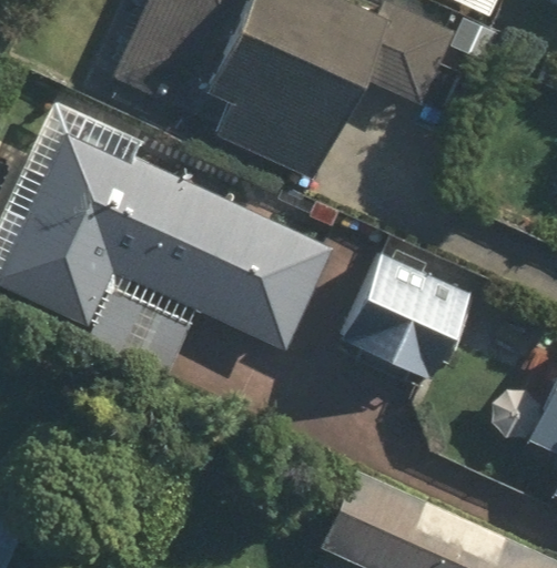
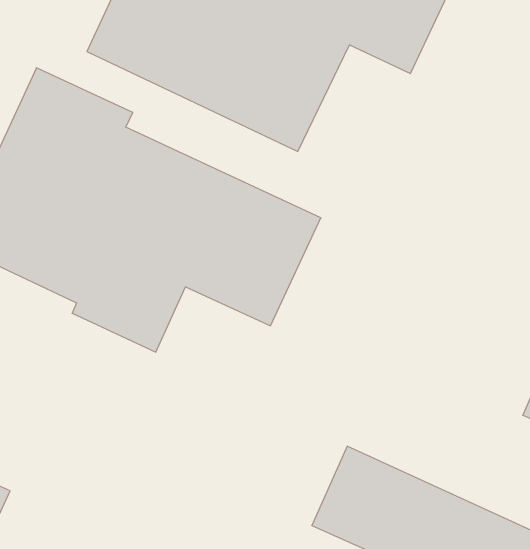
building: [335,246,484,388] -> none

